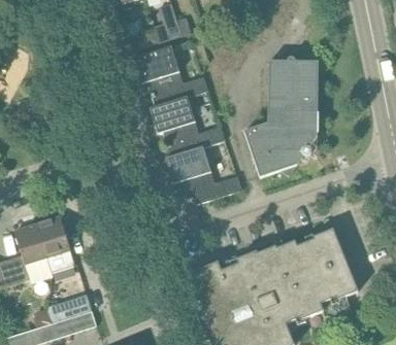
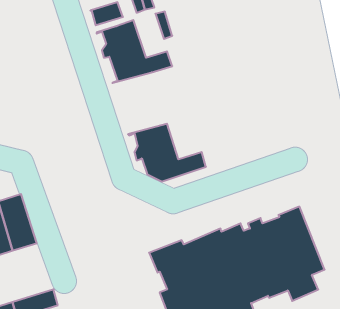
building: [243,60,318,176] -> none
building: [150,96,225,157] -> none
building: [47,291,92,321] -> none

